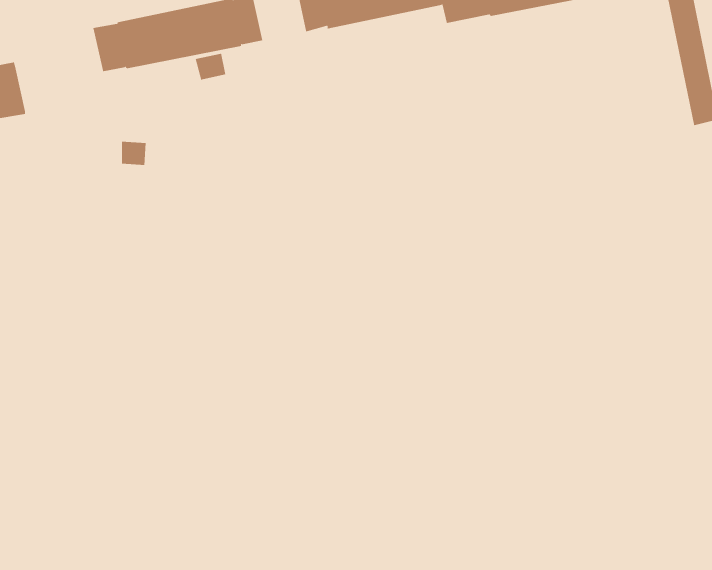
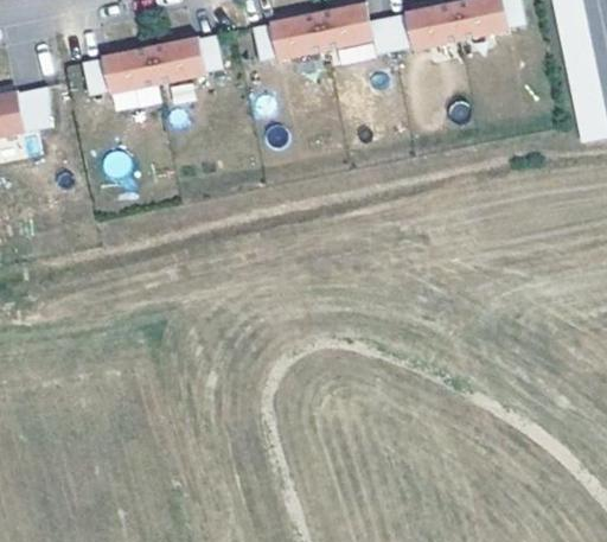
building: none -> [19,84,52,129]

